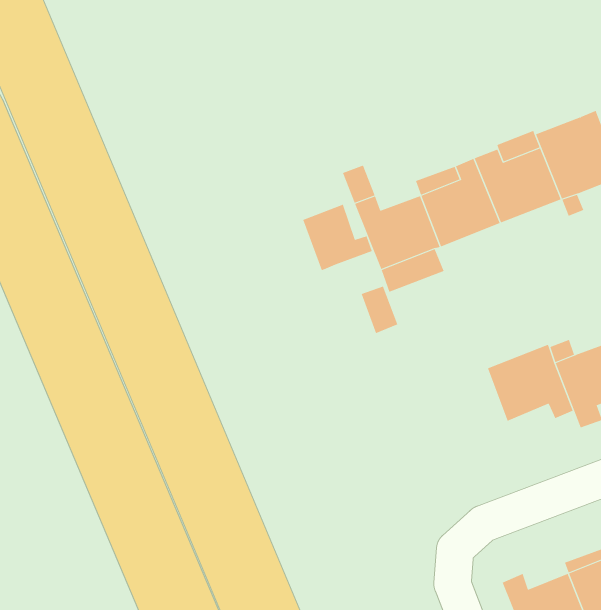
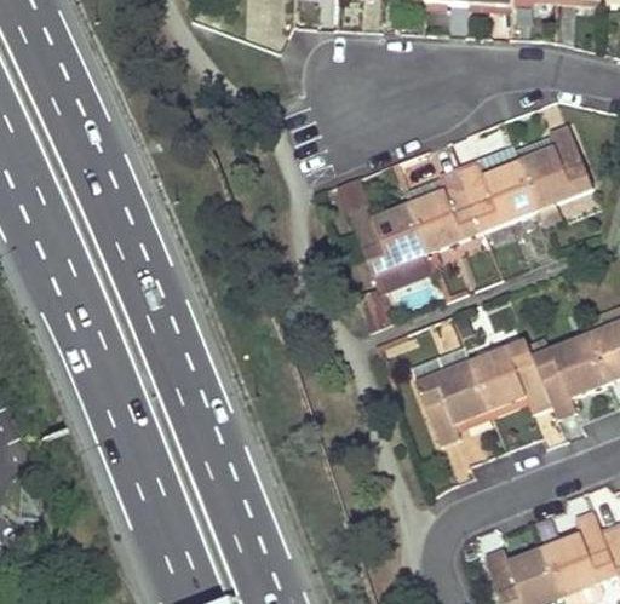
building: [303,204,372,271] -> none
building: none -> [413,347,490,443]

